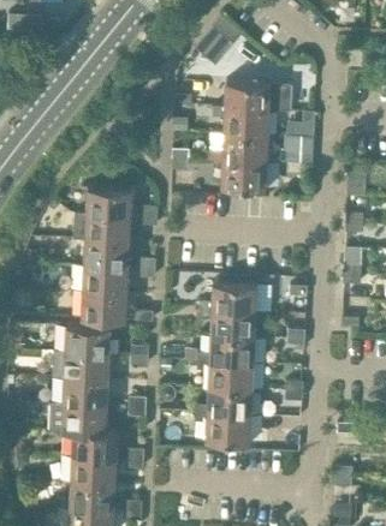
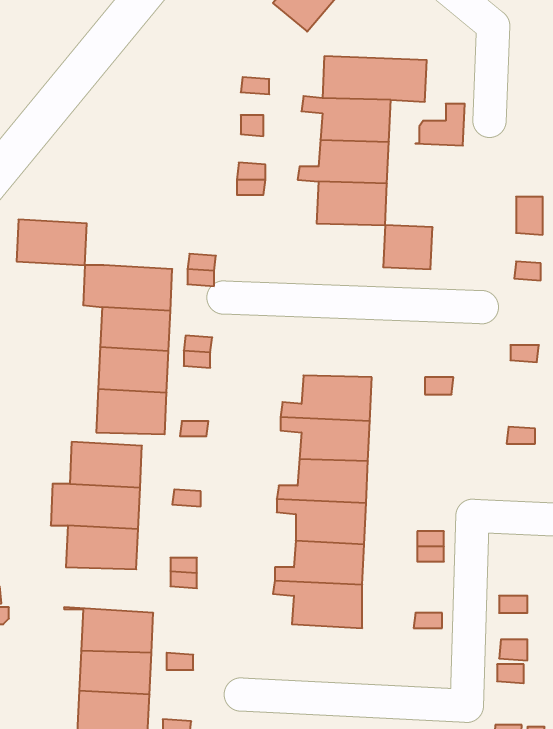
building: [283,137,314,165] -> [383,225,433,269]
building: [87,187,131,216] -> [17,220,87,265]
building: [61,405,118,434] -> none

